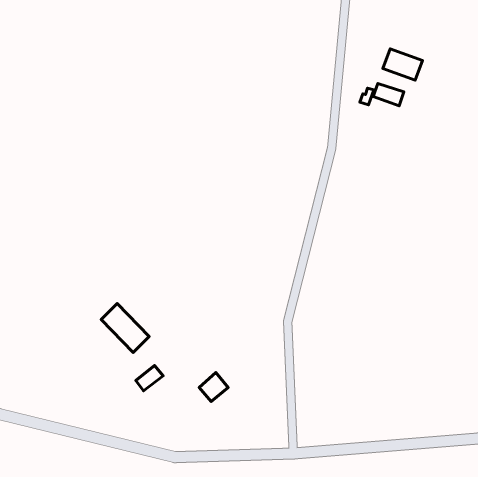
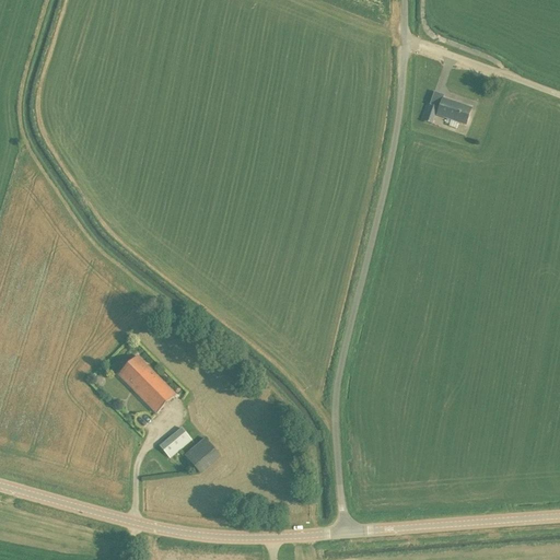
building: [383,49,422,80] -> none
building: [199,372,228,402] -> [184,436,218,470]

